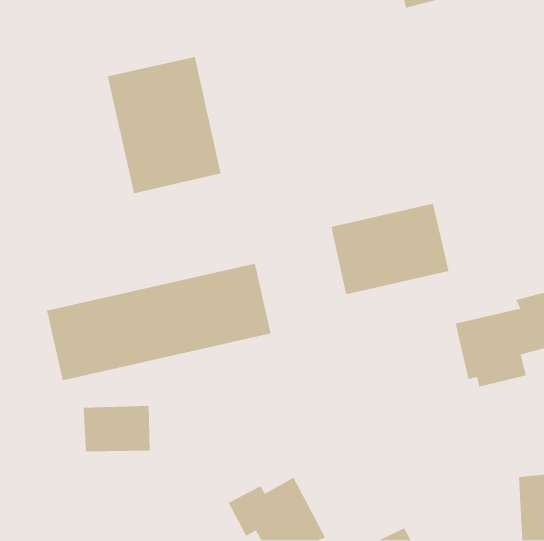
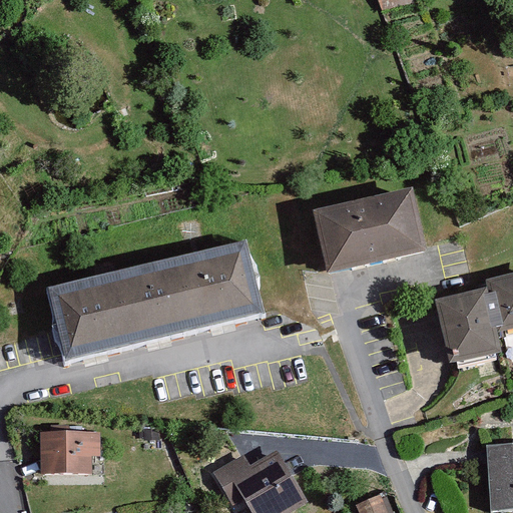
building: [107,56,222,194] -> none
building: [83,405,151,452] -> [40,429,103,473]

